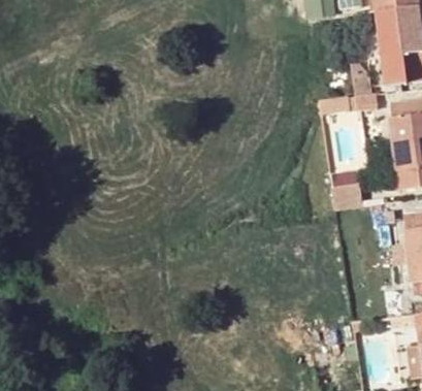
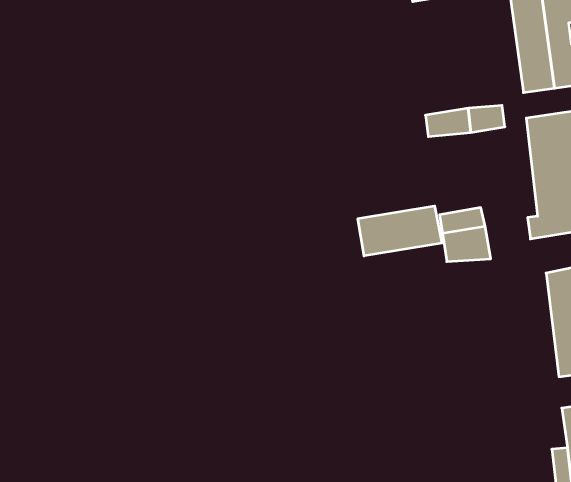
building: none -> [358,206,442,256]

